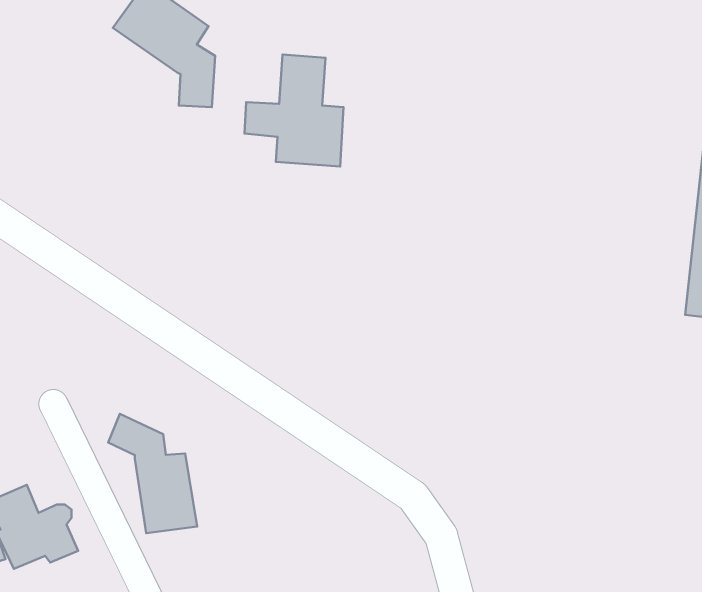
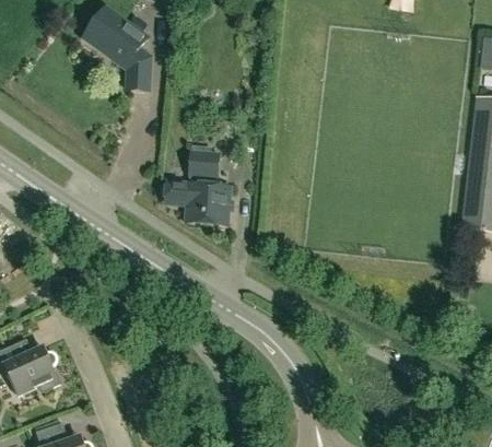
building: [245,54,344,167] -> [165,150,231,224]
building: [108,414,197,533] -> none

